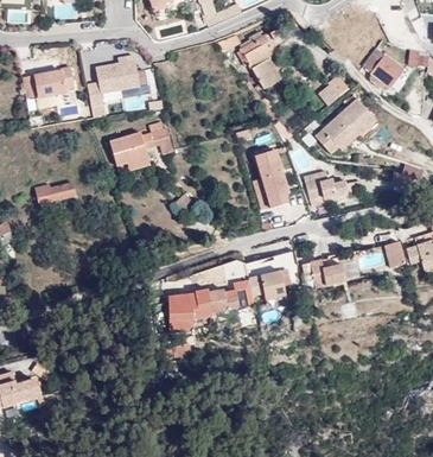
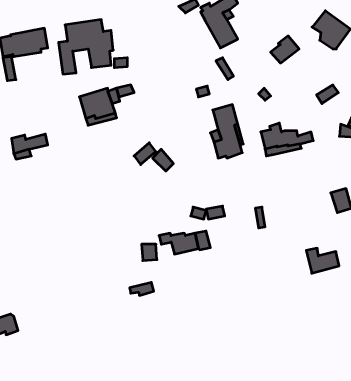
building: [317,94,377,151] -> none
building: [312,259,348,286] -> [306,248,339,273]
building: [262,271,292,299] -> none

